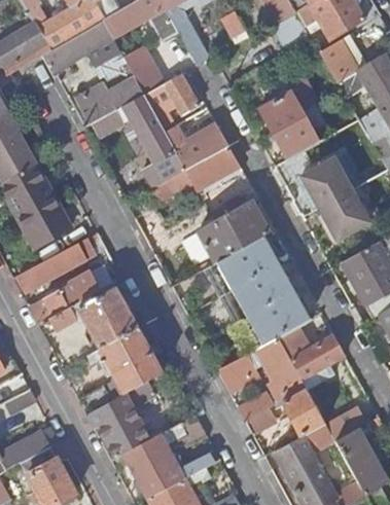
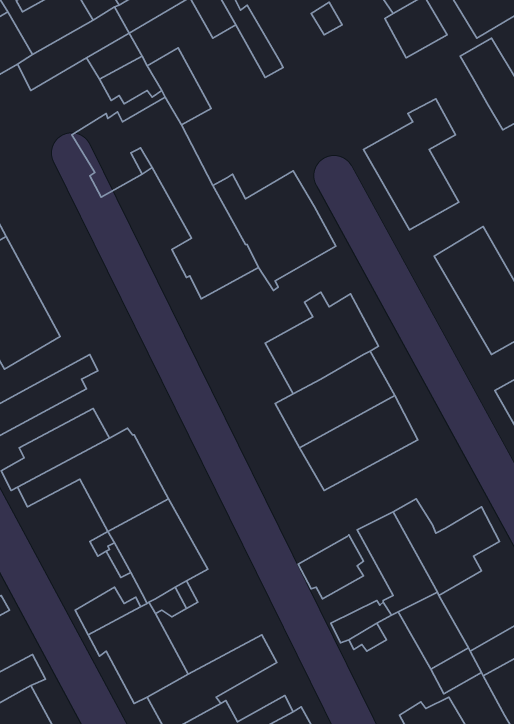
building: [145,73,198,132] -> none
building: [235,291,309,352] -> none

